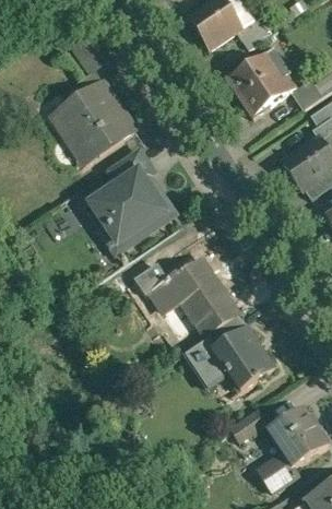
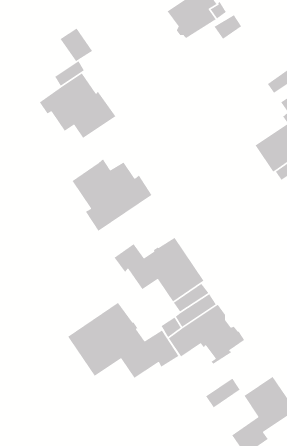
building: [225,47,295,116] -> none
building: [109,151,153,187] -> none
building: none -> [67,302,180,379]

